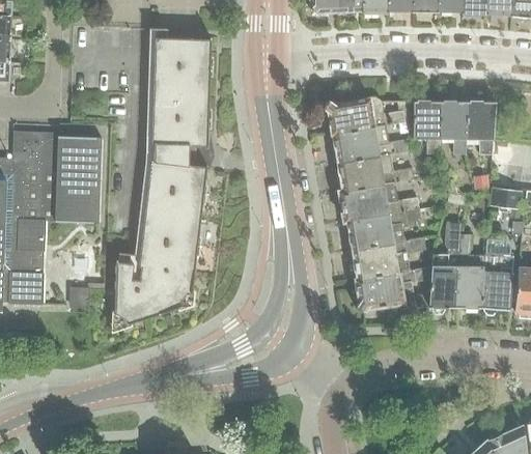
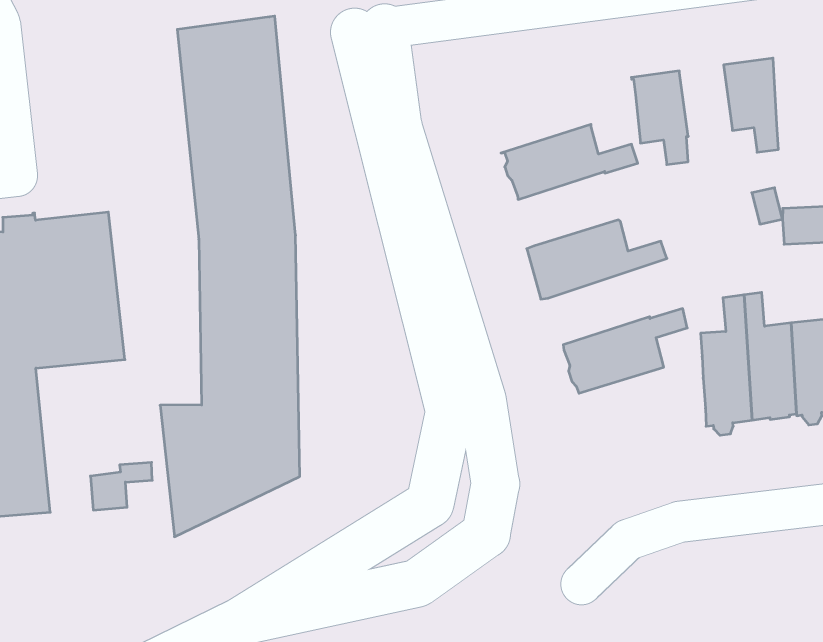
building: [322,96,403,134] -> none
building: [440,101,466,153] -> none
building: [336,152,414,190] -> none
building: [346,207,420,249] -> none
building: [355,266,430,313] -> none

